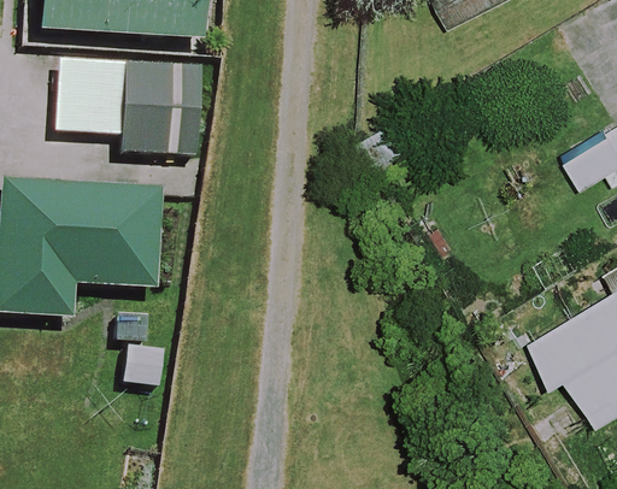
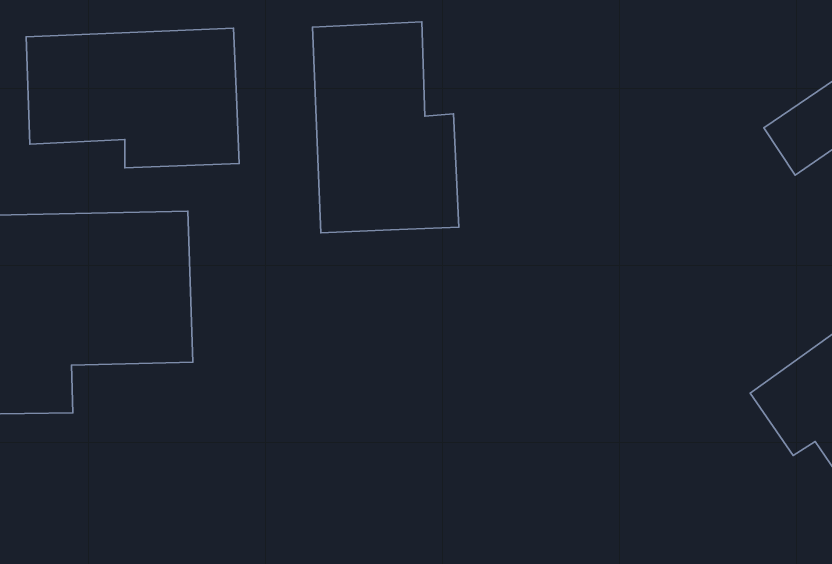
building: none -> [313,22,459,233]

